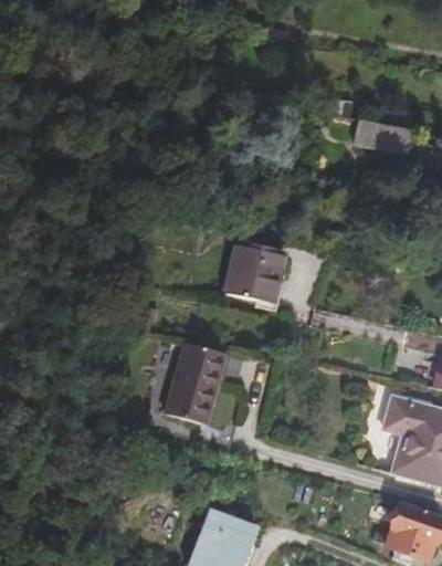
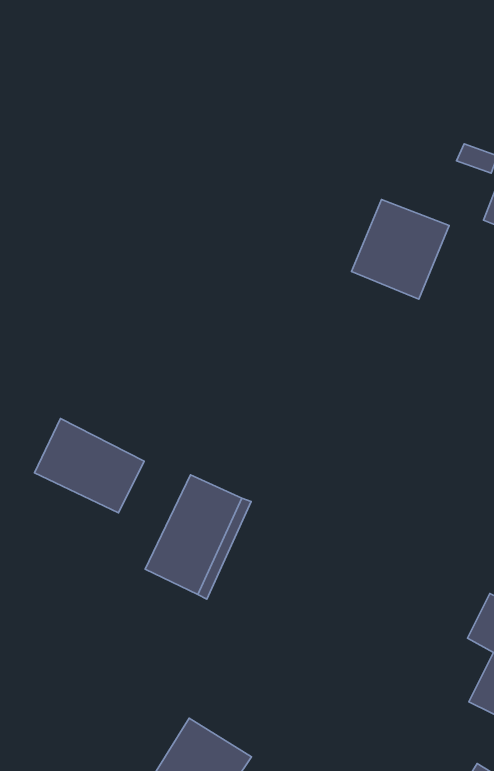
building: [219,235,278,297] -> [352,200,449,299]
building: none -> [35,419,144,513]

